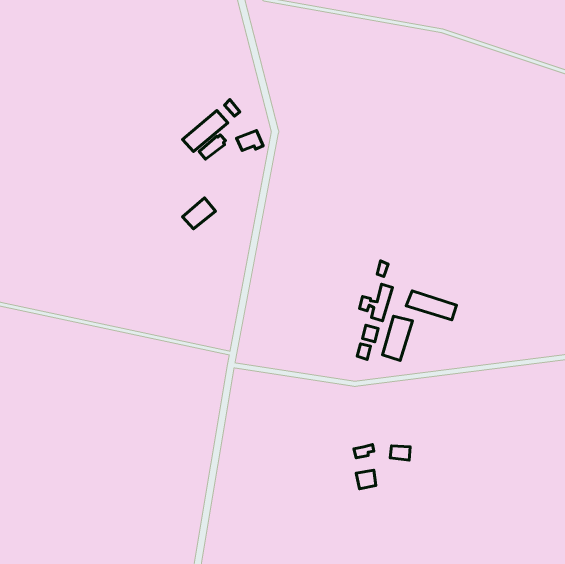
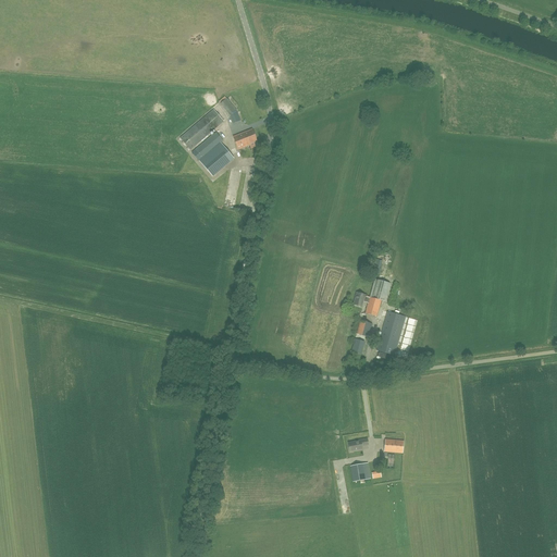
building: [182,198,216,229] -> [201,145,234,175]
building: [406,291,456,320] -> none

